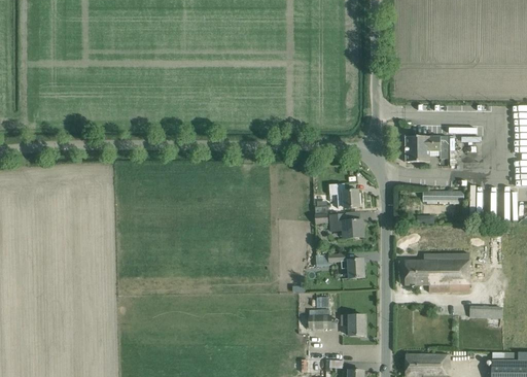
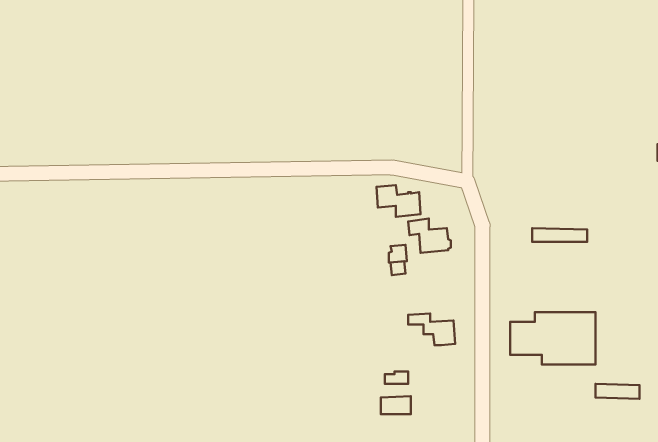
building: [406,135,448,162] -> none
building: [330,214,363,238] -> [377,185,421,217]
building: [342,314,364,335] -> none

